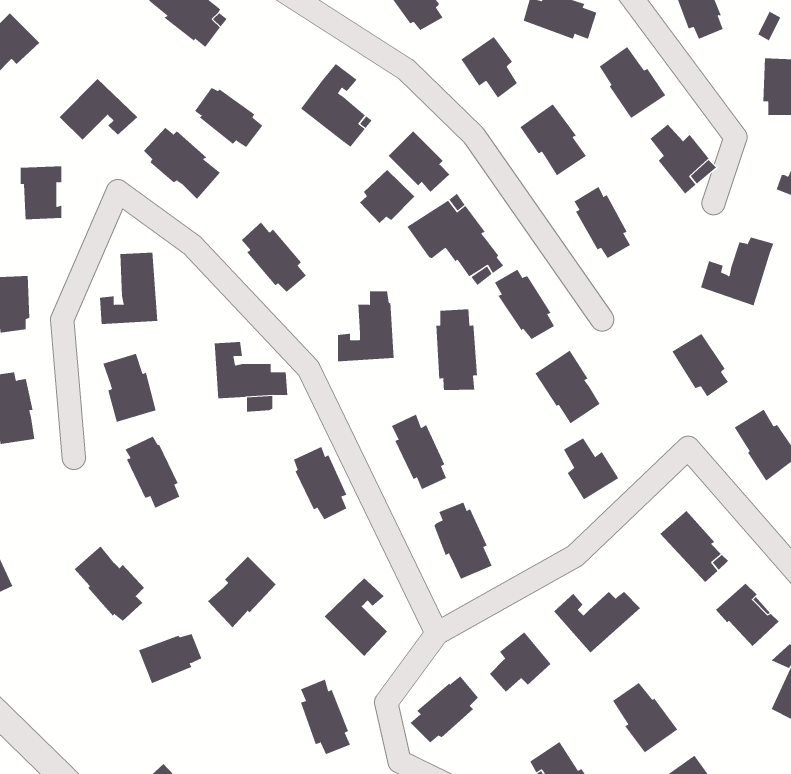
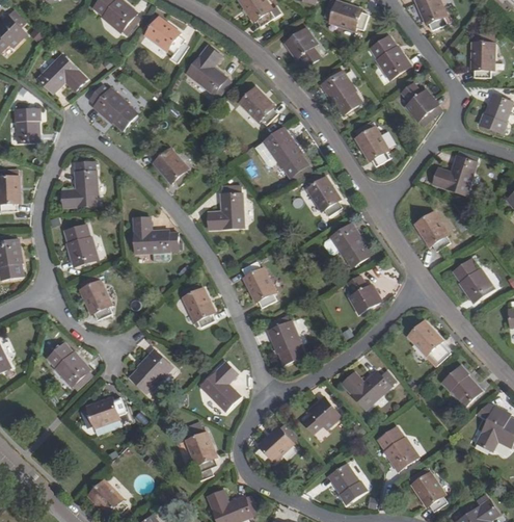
building: [194,87,263,148] -> [142,15,185,52]
building: [359,169,415,224] -> none
building: [436,309,478,391] -> none

